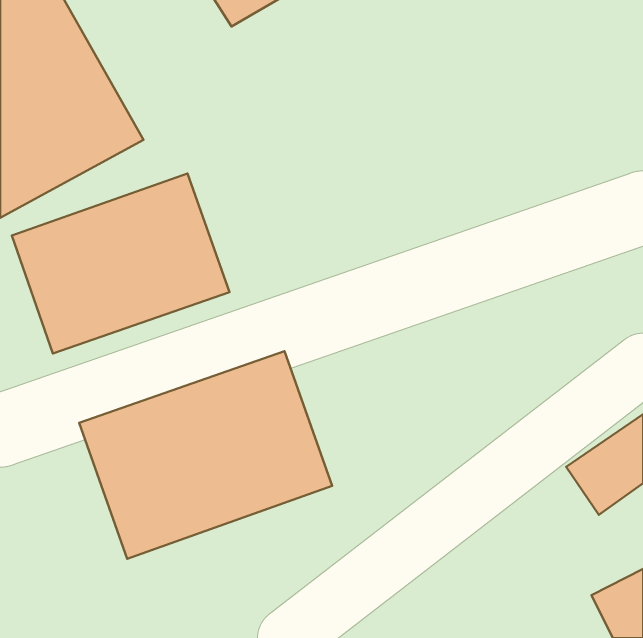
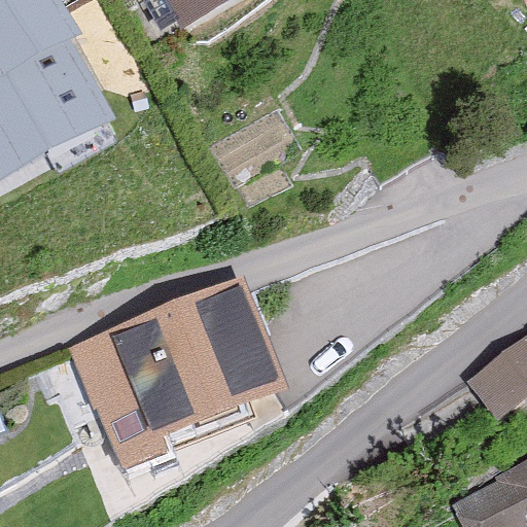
building: [12,173,229,353] -> none

